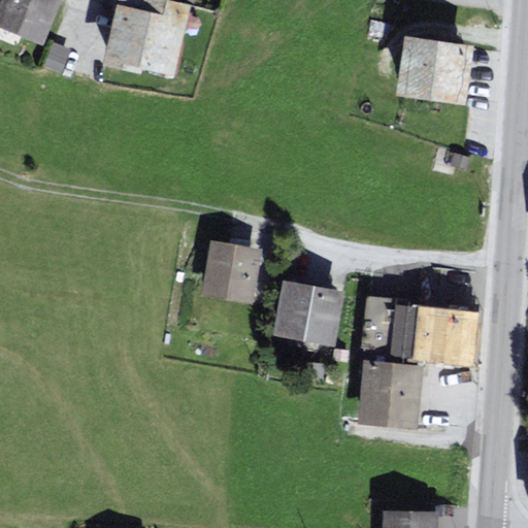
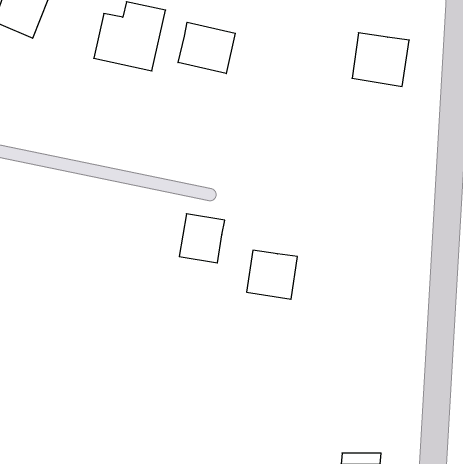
building: none -> [178,22,235,74]
building: [362,300,475,362] -> none
building: [359,363,418,423] -> none

